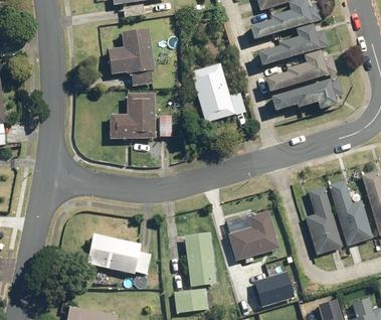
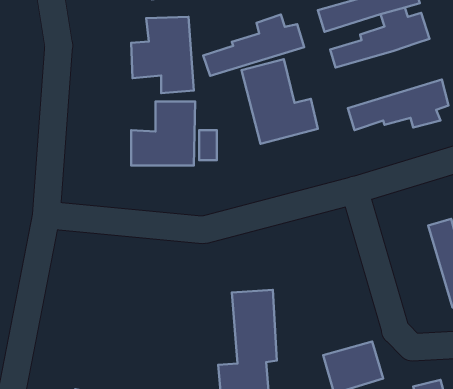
building: [262,49,337,95] -> [203,15,304,76]
building: [304,185,342,254] -> none
building: [225,209,280,262] -> none
building: [85,232,149,274] -> none

